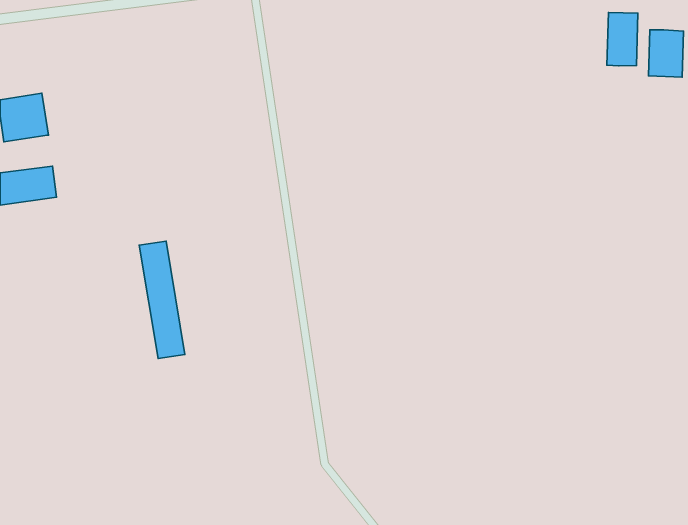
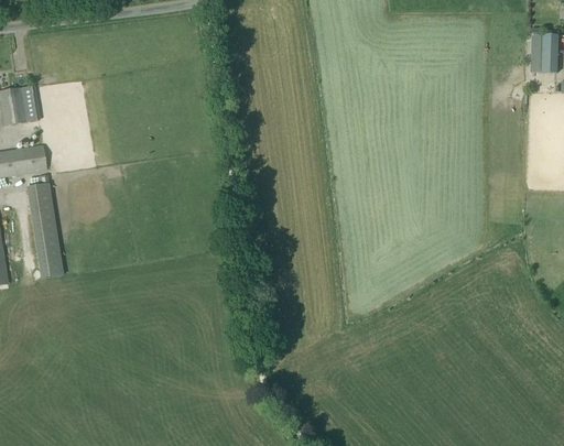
building: [607,13,638,66] -> none
building: [139,241,185,358] -> [25,182,63,278]

